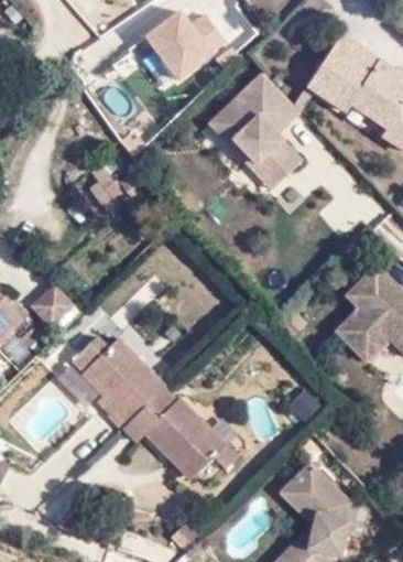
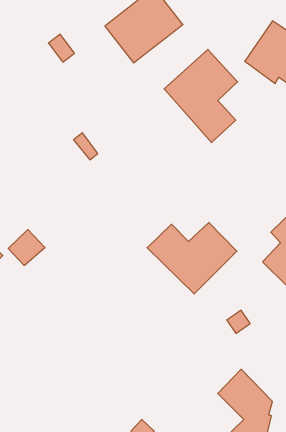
building: none -> [147,222,237,294]
building: [75,337,224,480] -> none

